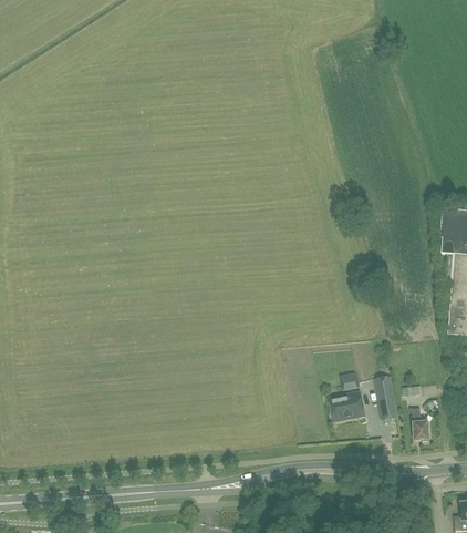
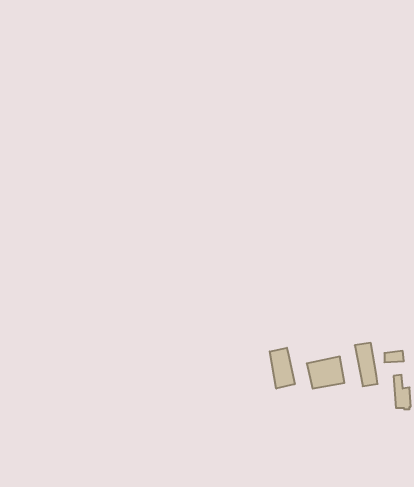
building: none -> [270,348,295,389]

